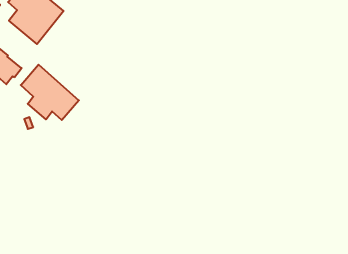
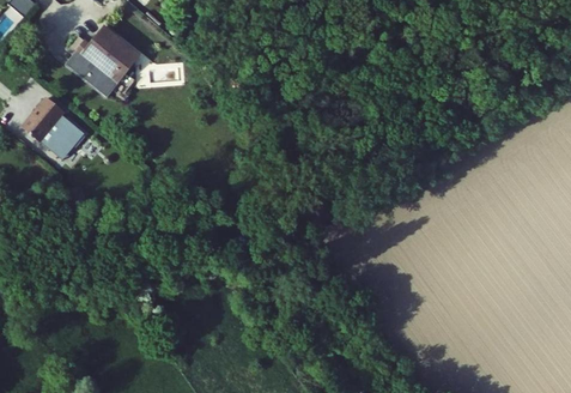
building: [21,65,79,120] -> none

